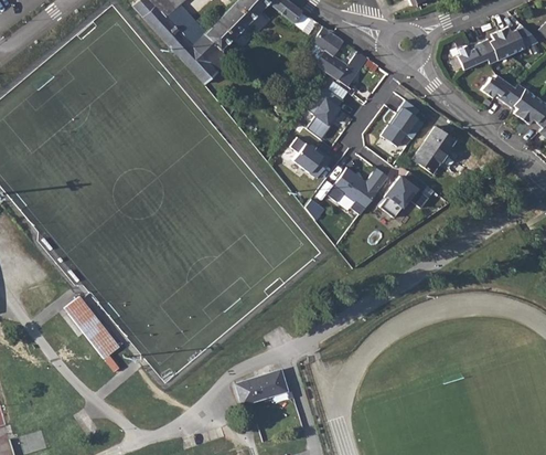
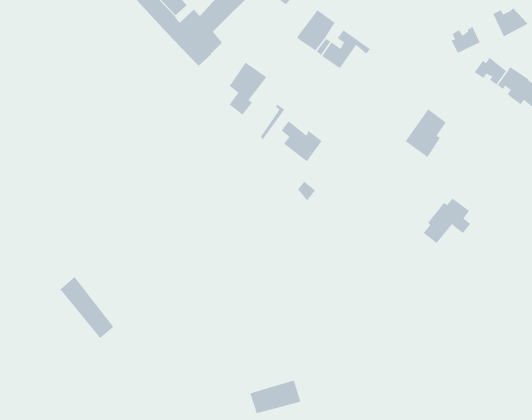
building: [482,31,513,64] -> none
building: [306,86,344,140] -> [229,62,267,116]
building: [381,99,425,146] -> none
building: [326,168,388,214] -> none
building: [379,171,428,218] -> [423,198,471,244]
building: [236,370,288,404] -> [249,380,301,414]

